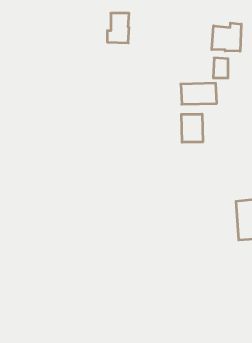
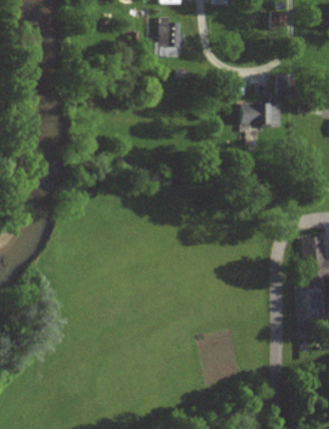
building: [212,23,241,51] -> none
building: [181,114,203,142] -> none

